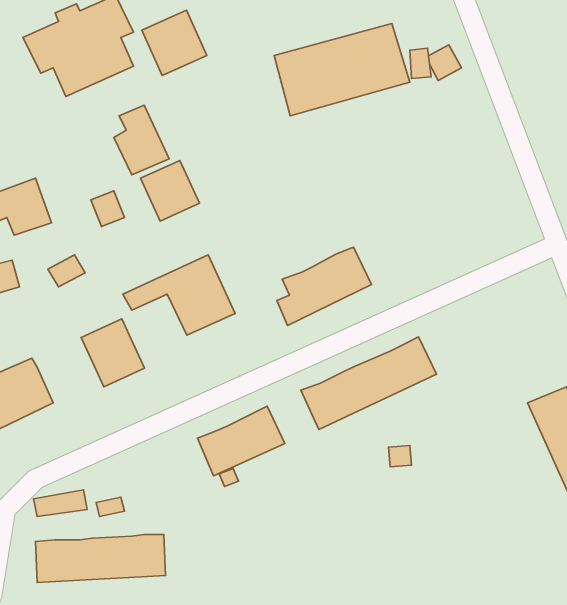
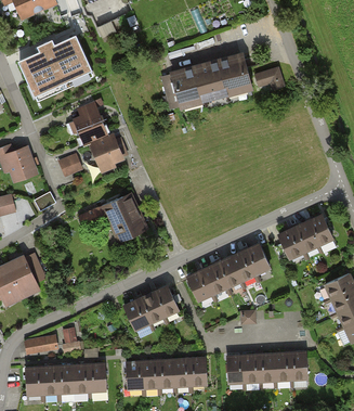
building: [142,10,207,76] -> none
building: [277,247,371,325] -> [275,215,332,262]
building: [81,319,145,387] -> none
building: none -> [227,352,307,382]
building: none -> [127,358,207,388]

